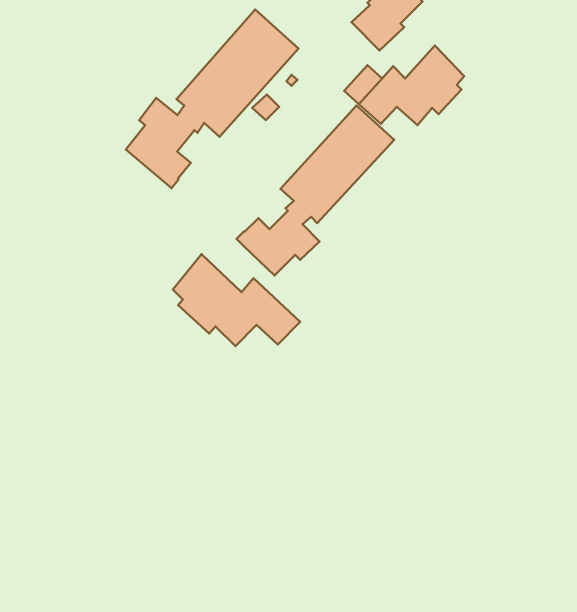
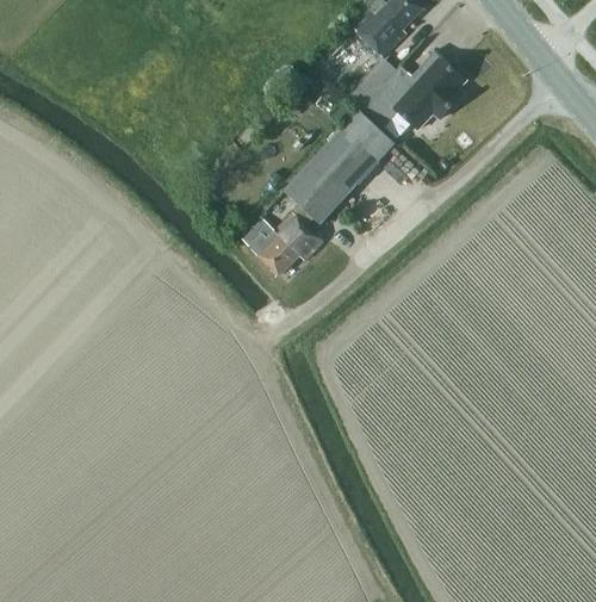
building: [126,10,298,188] -> none
building: [173,254,300,346] -> none

